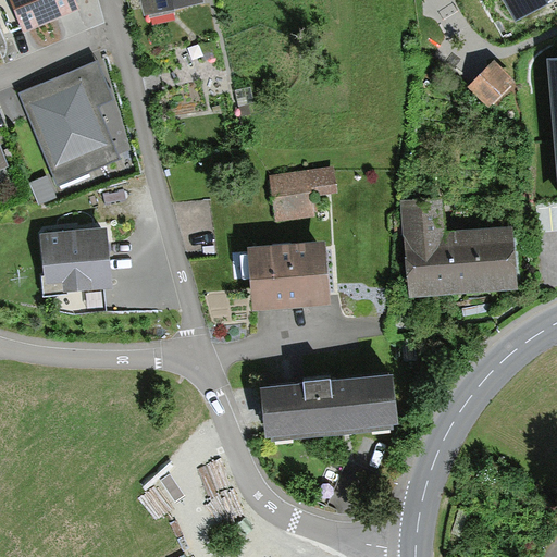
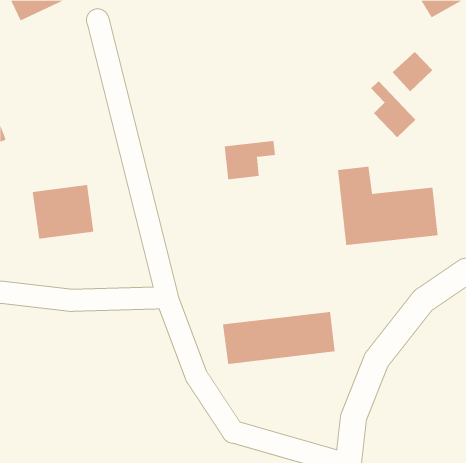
building: [13,58,120,181] -> none
building: none -> [370,81,416,138]
building: [249,245,330,309] -> none

